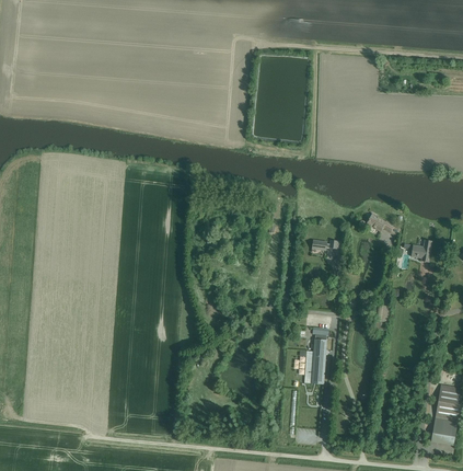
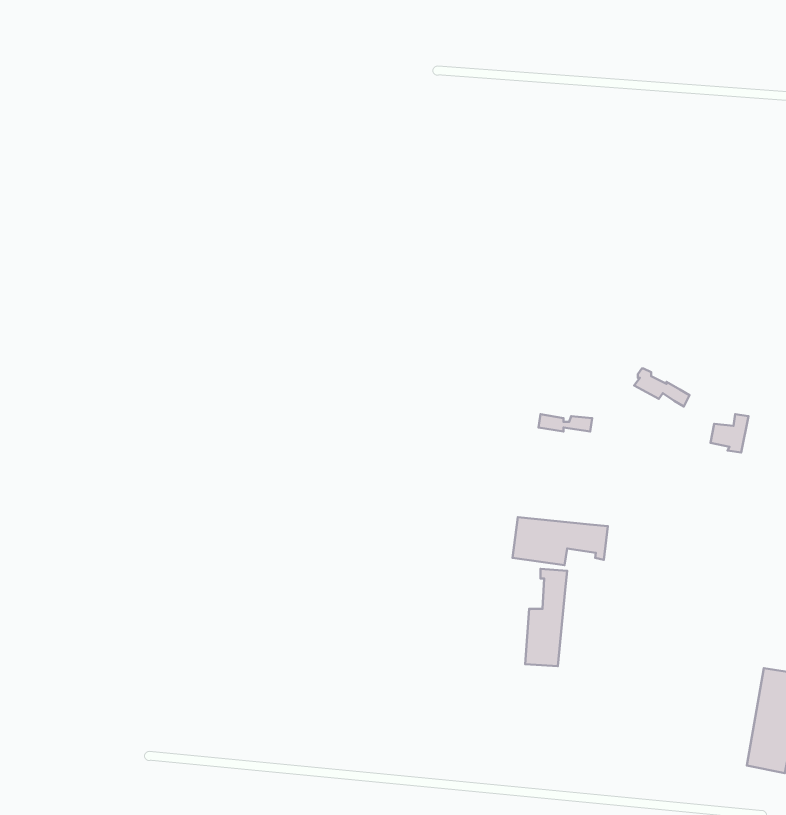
building: none -> [512,517,608,565]

